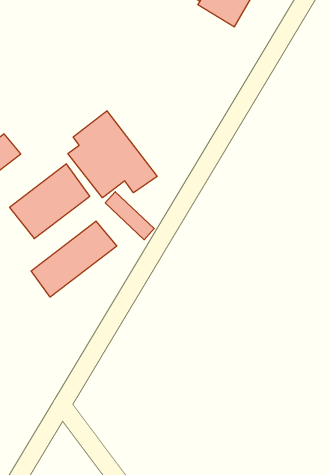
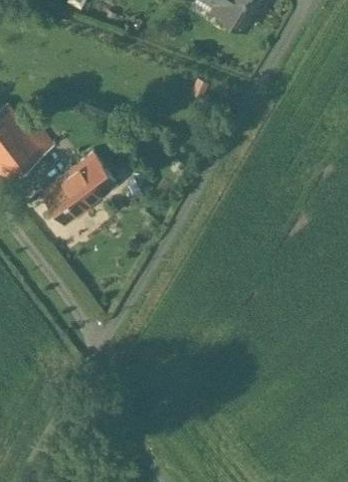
building: [68,111,157,198] -> none
building: [31,221,117,297] -> none

